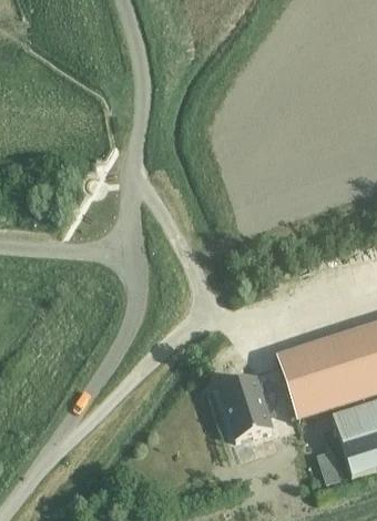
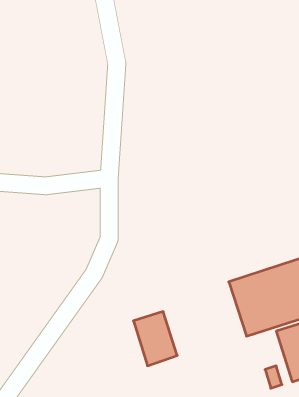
building: [218,374,271,438] -> [133,312,177,366]

